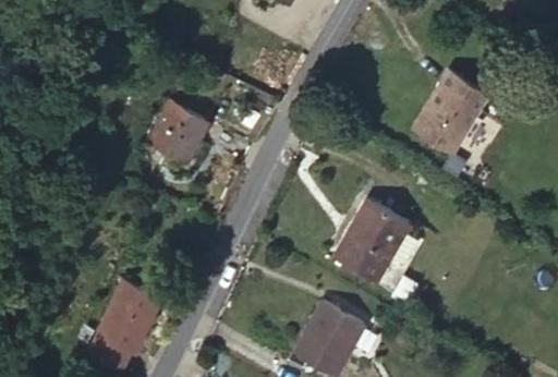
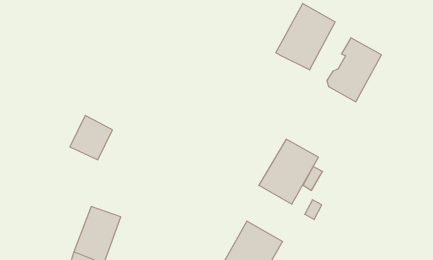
building: none -> [276,3,335,70]
building: [150,108,205,165] -> [70,115,112,160]

